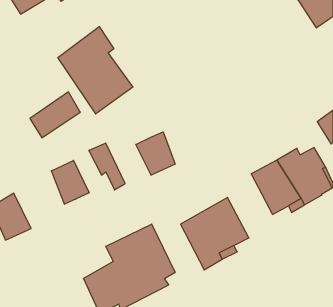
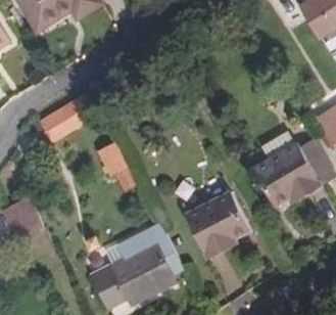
building: [58,27,133,114] -> none
building: [136,132,175,175] -> none
building: [51,160,89,204] -> none

